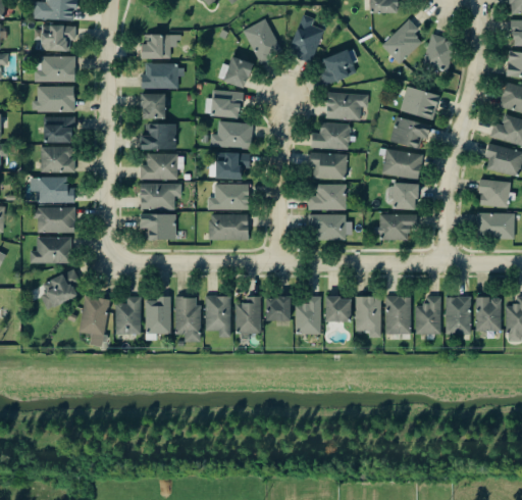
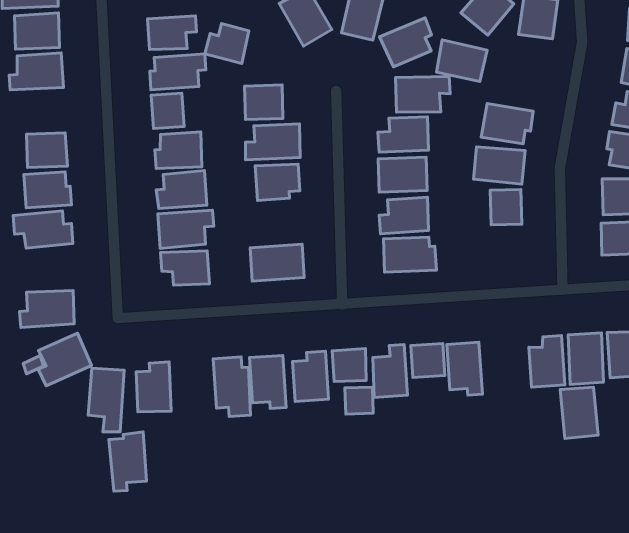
building: [218,56,253,88] -> [205,23,249,64]
building: [401,86,440,119] -> [436,40,487,81]
building: [33,87,74,112] -> none
building: [208,184,249,210] -> none
building: [34,207,75,233] -> none
building: [379,214,417,240] -> none
building: [145,296,171,340] -> [109,432,147,491]
building: [385,297,412,335] -> [560,387,598,439]
building: none -> [345,387,373,414]

